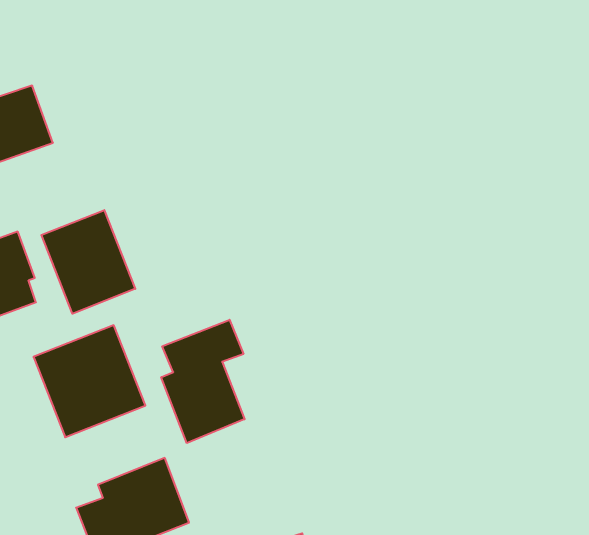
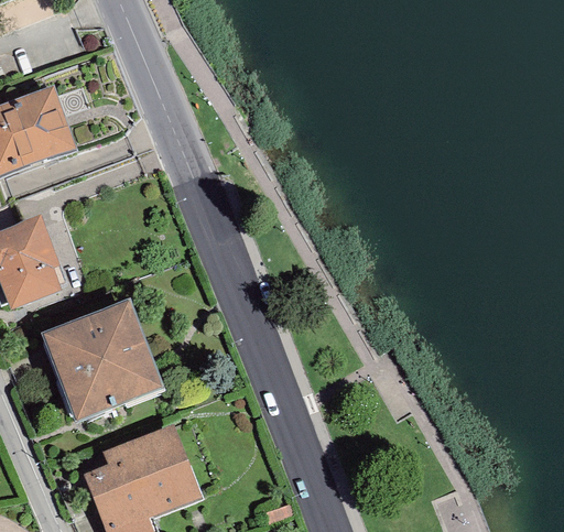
building: [41,210,135,314] -> none
building: [161,320,245,443] -> none

